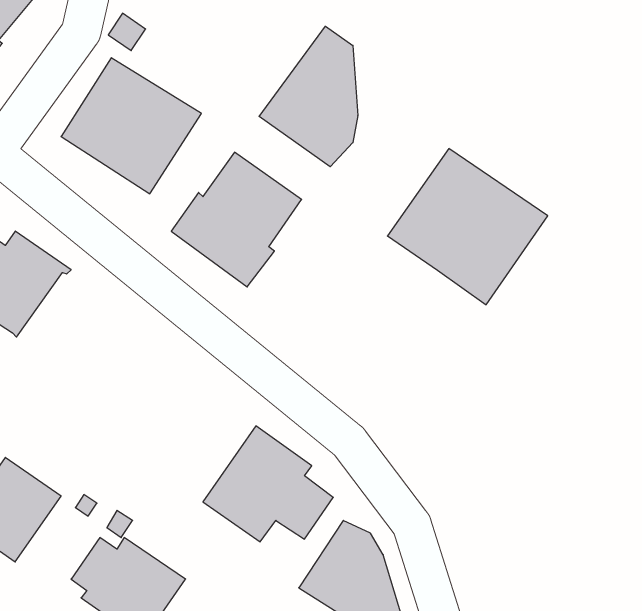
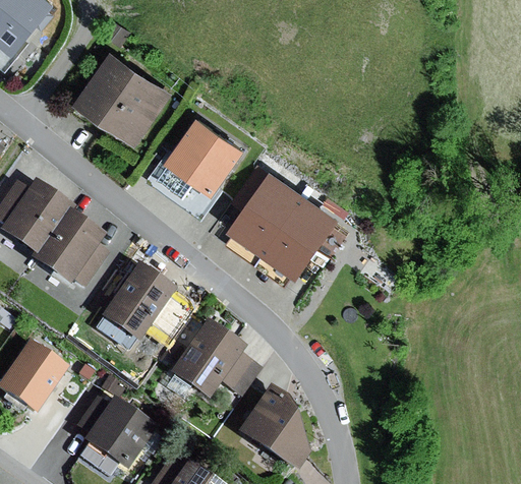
building: [259,26,358,167] -> none
building: [387,149,548,305] -> [223,176,337,287]
building: none -> [32,206,111,286]
building: none -> [103,260,185,350]

